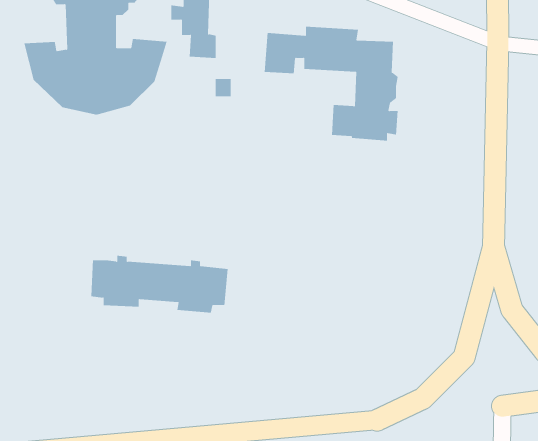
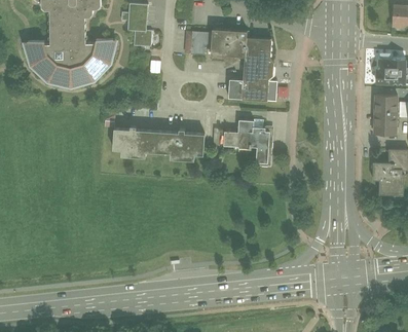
building: none -> [222,119,269,163]
building: [91,255,228,313] -> [111,122,203,161]

